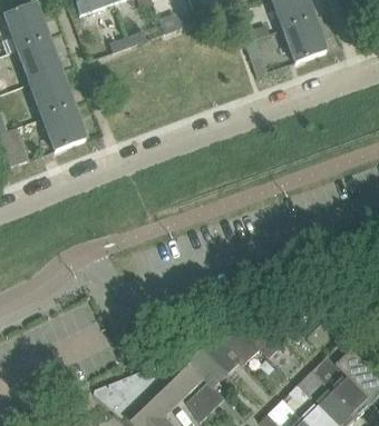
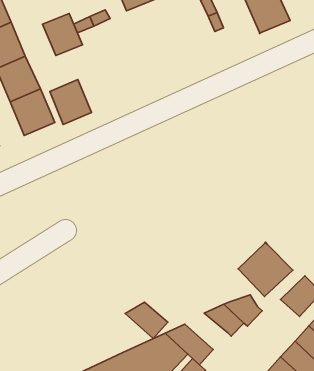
building: none -> [42,13,82,56]
building: none -> [50,79,91,124]
building: none -> [238,242,293,296]
building: [203,336,245,373] -> [125,302,168,339]

